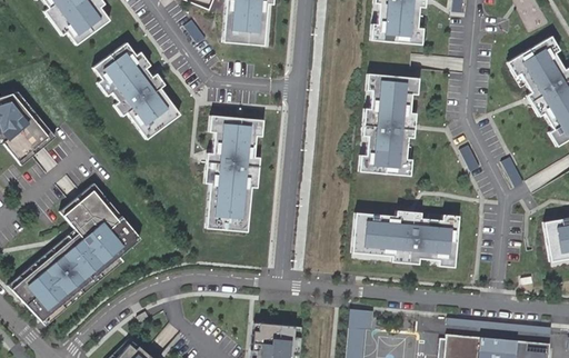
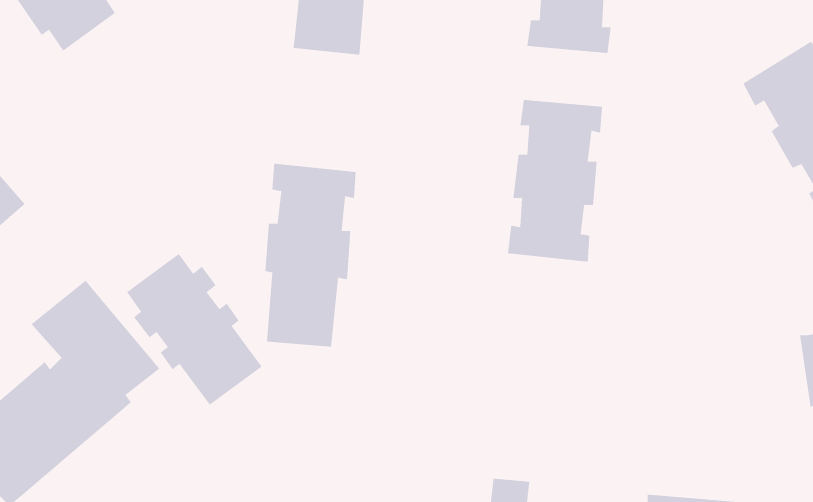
building: [96,40,181,136] -> [126,253,262,406]
building: [351,208,458,265] -> none

